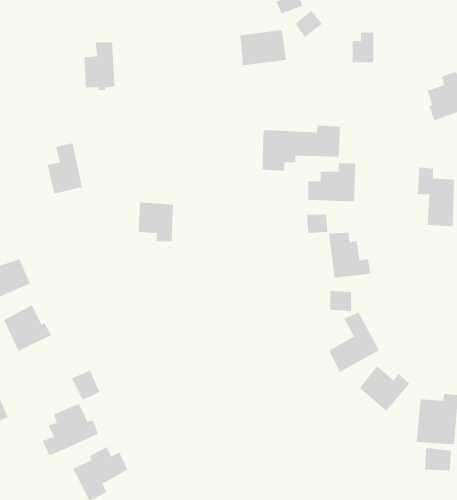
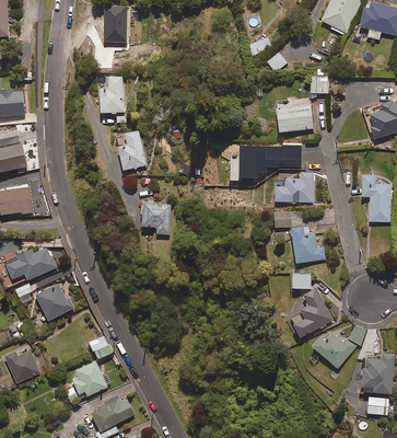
building: [240,30,287,66] -> [276,104,313,132]
building: [47,143,83,194] -> [117,130,145,171]

